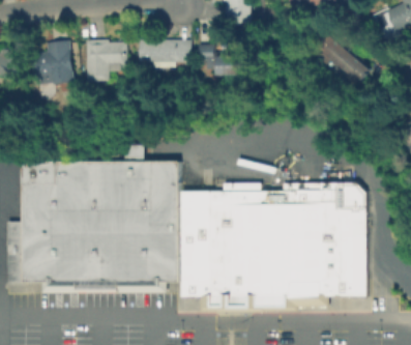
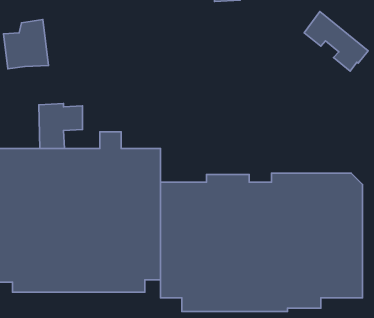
building: [86,39,126,81] -> [39,104,82,149]
building: [139,39,192,62] -> none
building: [198,45,239,76] -> none

